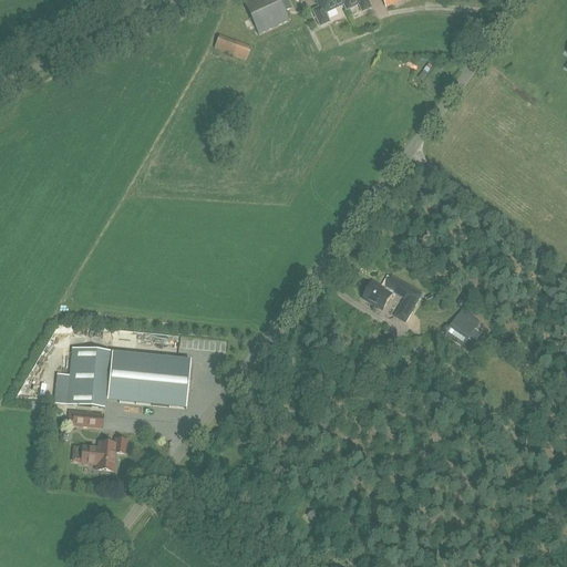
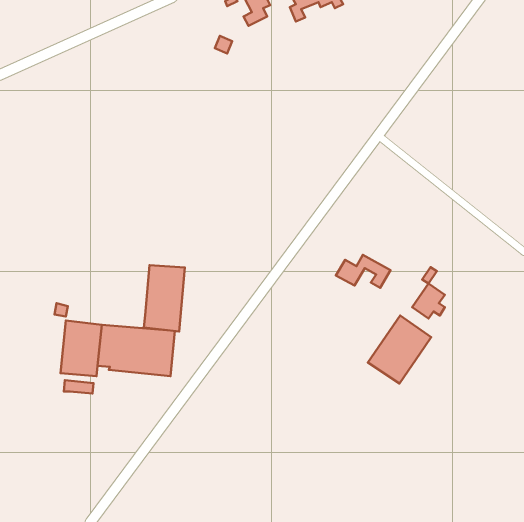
building: none -> [144,265,185,331]
building: none -> [368,315,431,383]
building: [81,440,115,468] -> none

